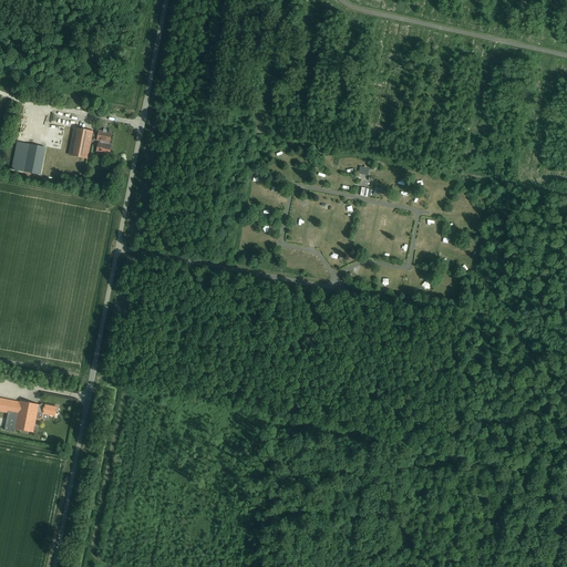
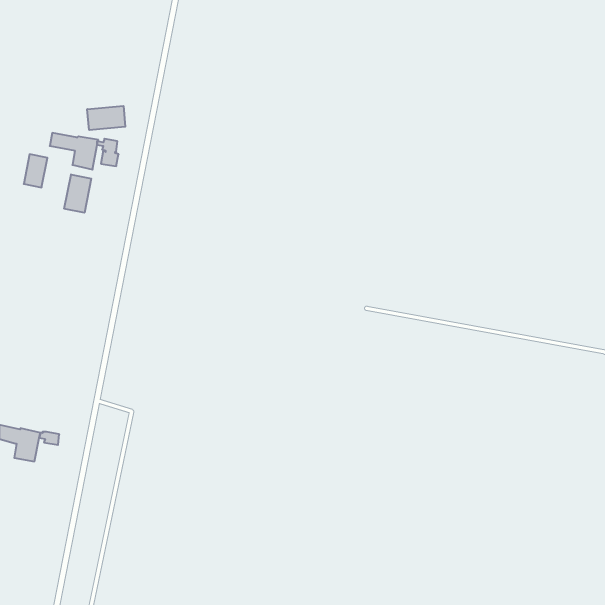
building: none -> [87,106,125,130]
building: none -> [64,174,91,213]

